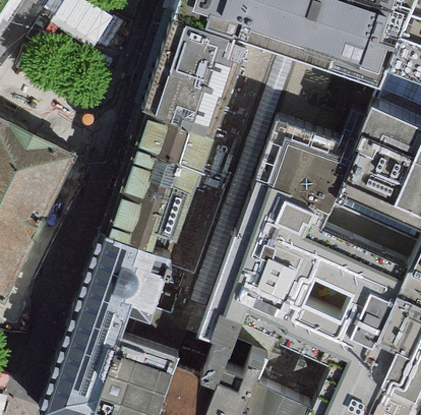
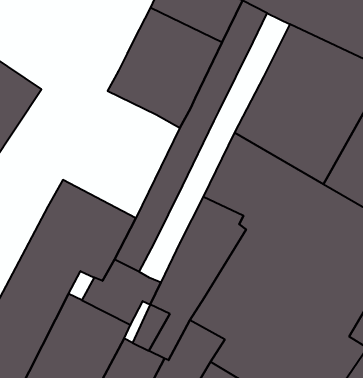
building: [109,135,209,248] -> none

